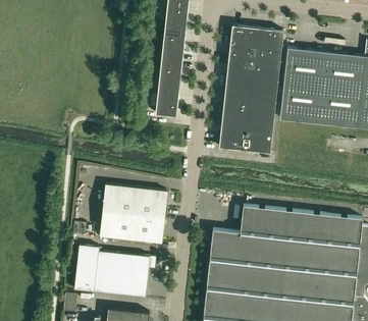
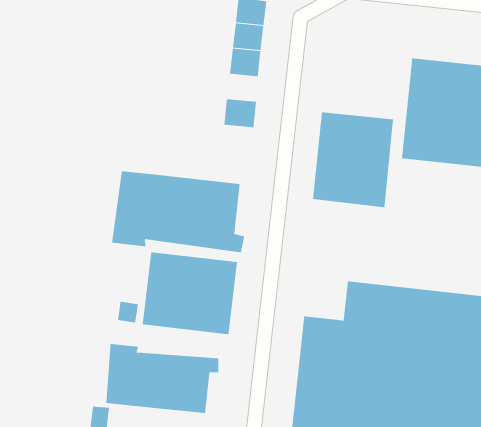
building: [225,26,282,92] -> none
building: [159,60,181,79] -> none
building: [155,96,178,116] -> none
building: none -> [112,170,245,253]

